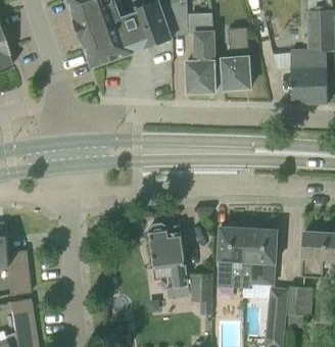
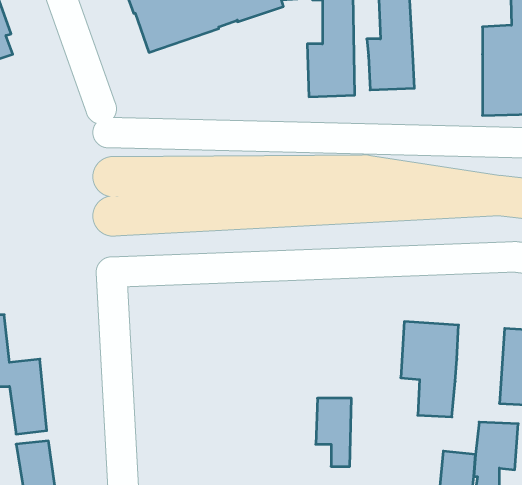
building: [149,222,187,285] -> none
building: [217,226,244,287] -> none

